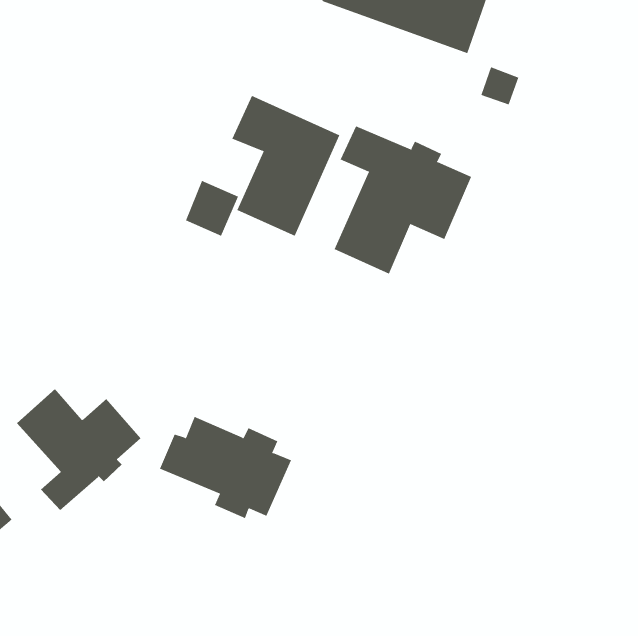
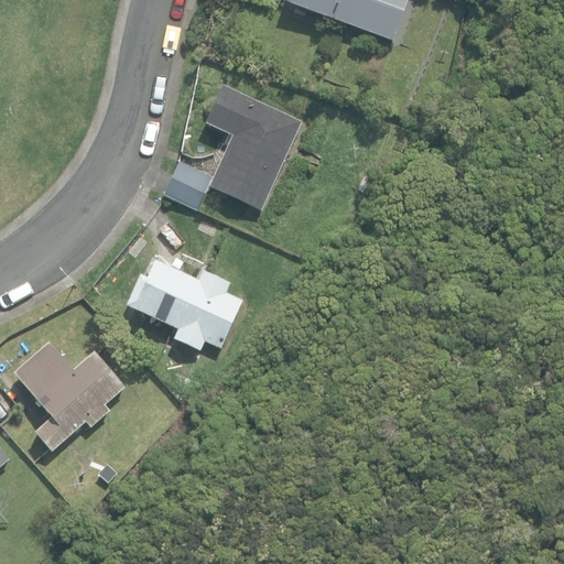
building: [334,126,472,274] -> none
building: [159,416,292,519] -> [126,259,242,349]

